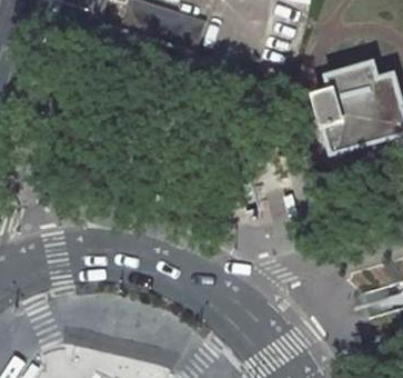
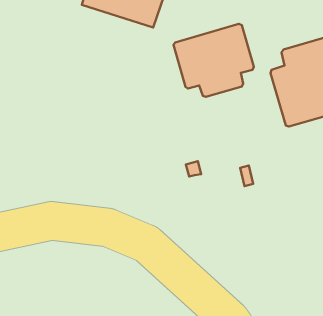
building: none -> [173,24,254,97]

